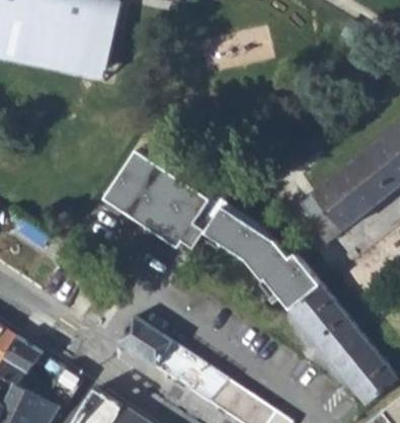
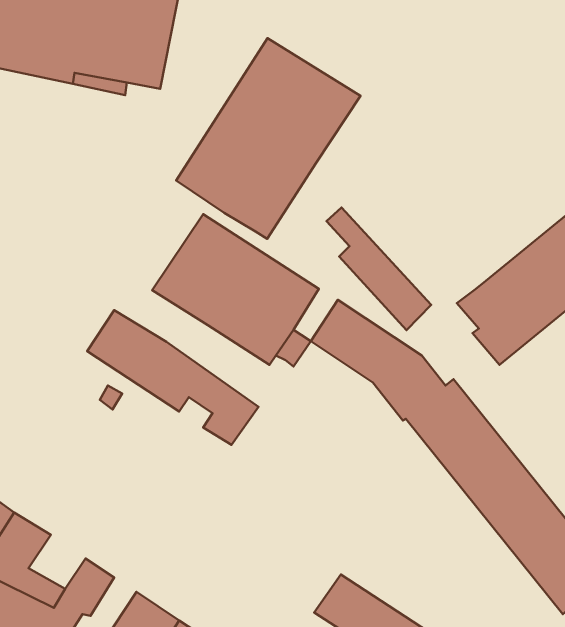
building: none -> [176,38,360,239]
building: none -> [327,208,431,330]
building: [116,317,226,403] -> [87,310,259,445]

